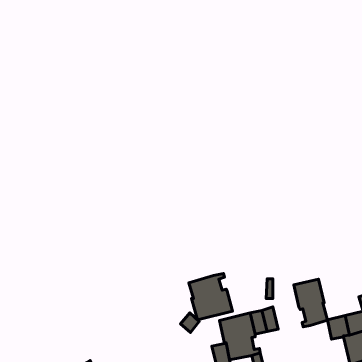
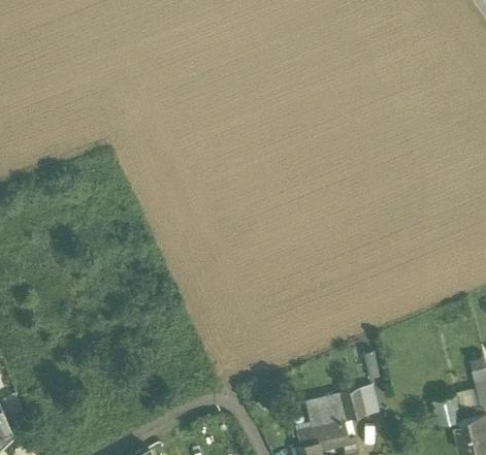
building: [189,273,233,320] -> none
building: [294,279,327,327] -> none

